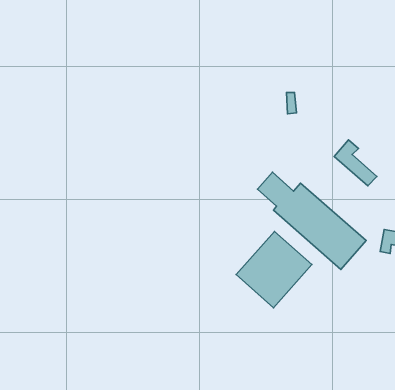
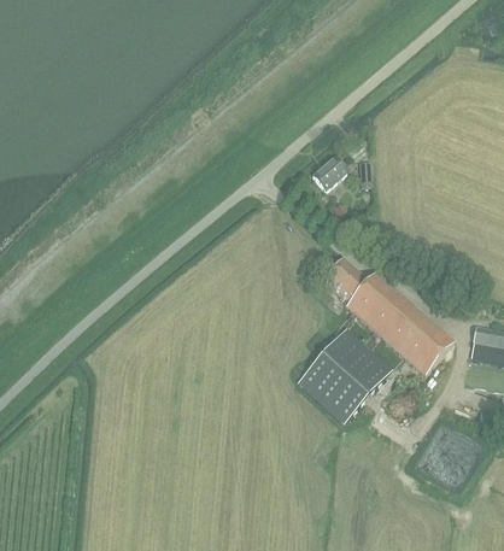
building: none -> [311,157,346,189]
building: [334,140,377,186] -> none

